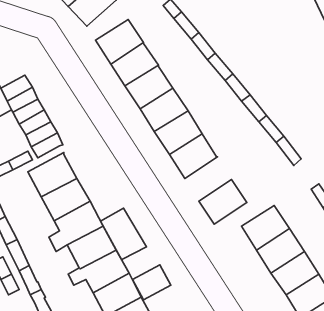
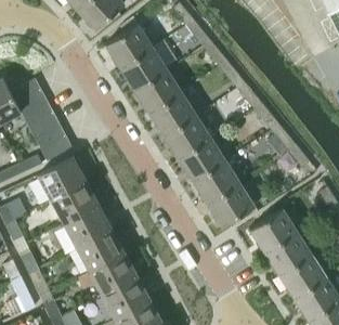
building: none -> [193,160,239,205]
building: [101,208,147,260] -> none
building: [133,265,171,300] -> none

